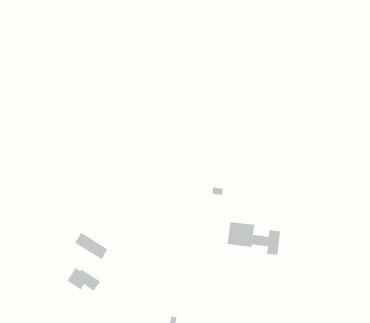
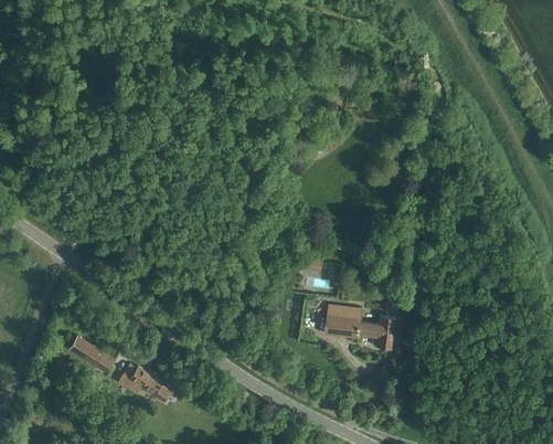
building: [74,232,108,260] -> [68,336,113,372]

